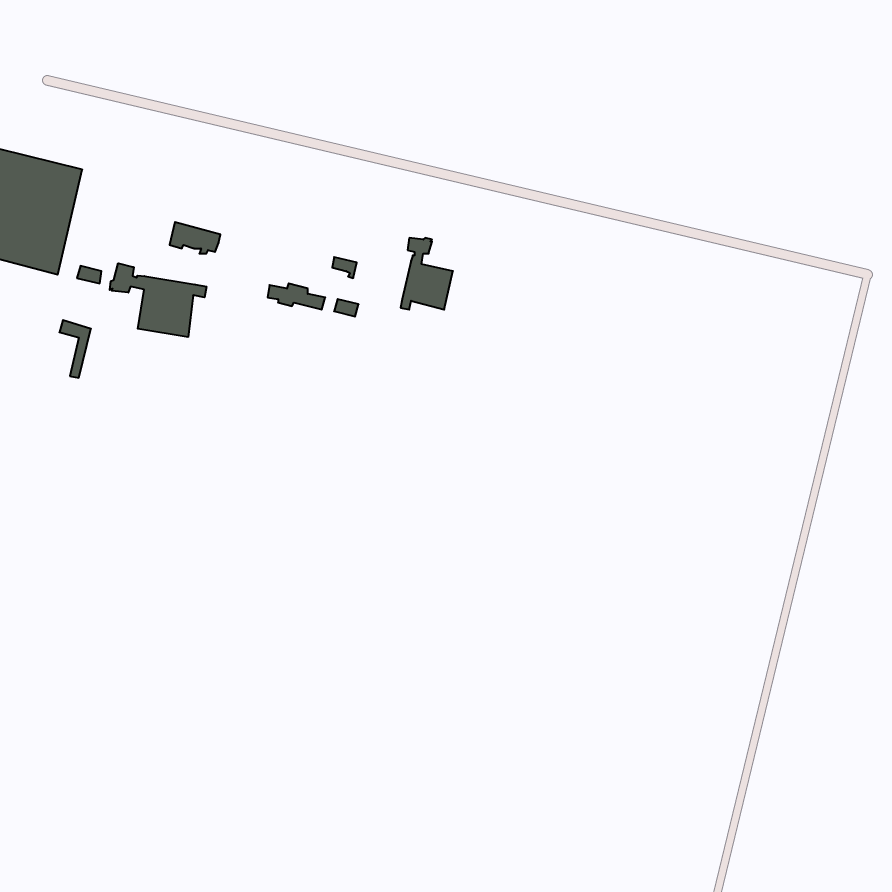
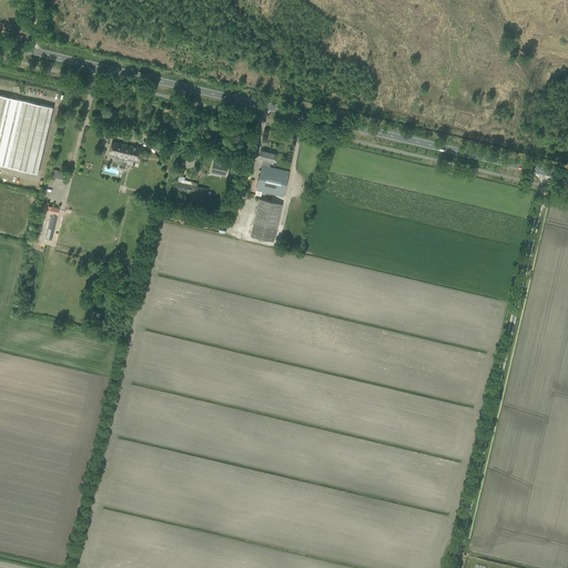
building: [110,263,206,337] -> none
building: none -> [250,197,281,242]

